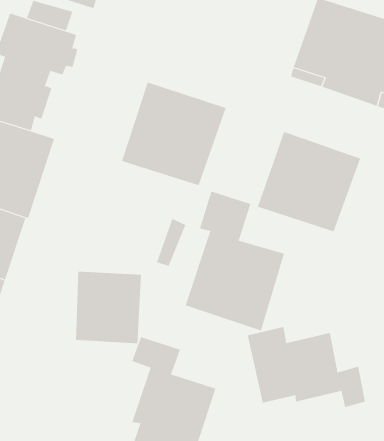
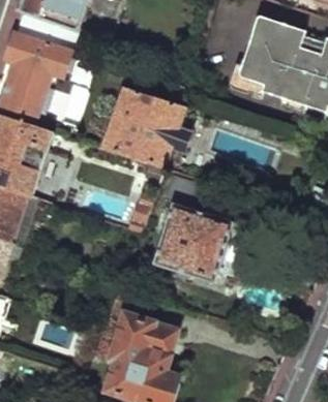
building: [257,131,361,232] -> none
building: [75,271,141,344] -> none
building: [247,326,366,408] -> none

